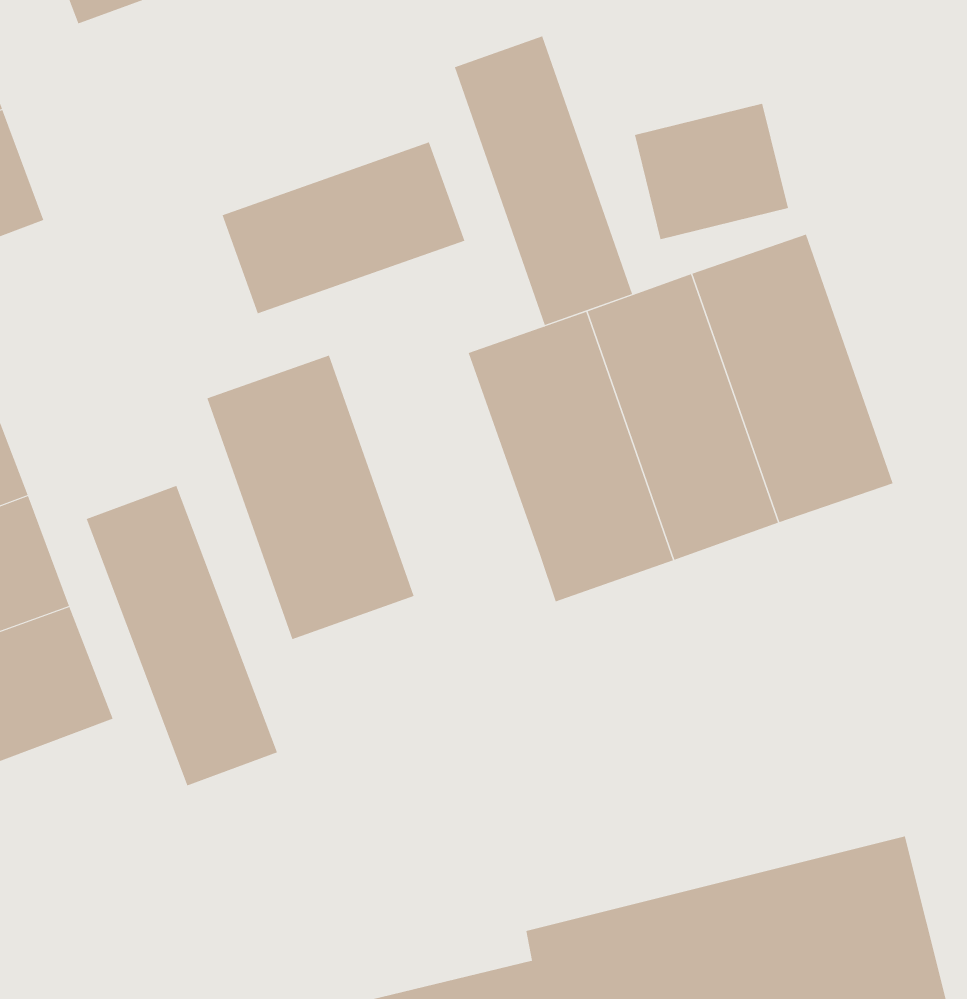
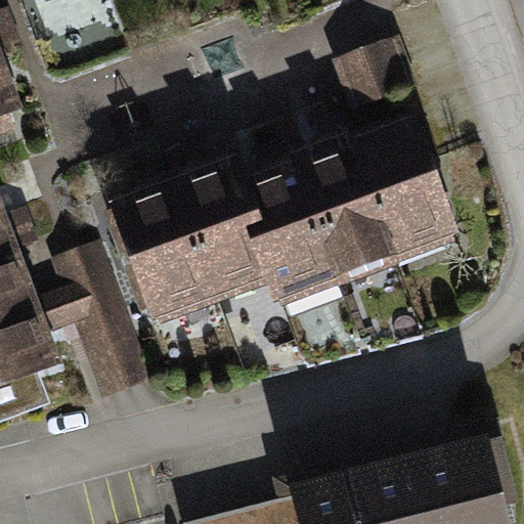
building: [454,35,633,326] -> none
building: [222,141,465,314] -> none
building: none -> [175,164,283,311]

